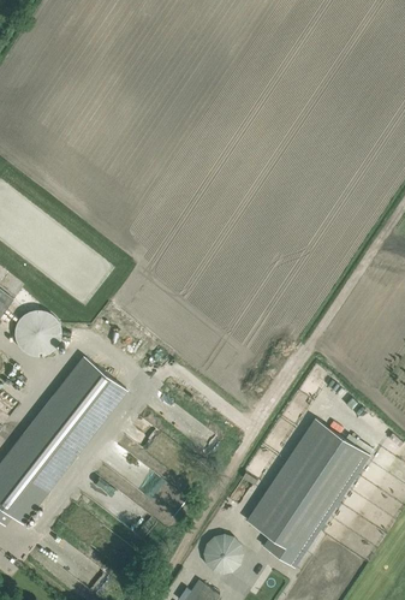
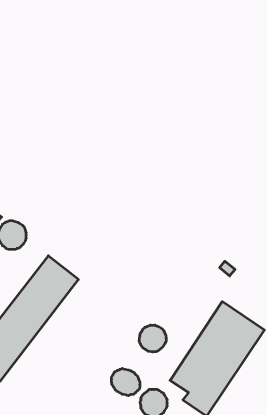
building: none -> [139,325,166,352]
building: none -> [111,368,140,396]

